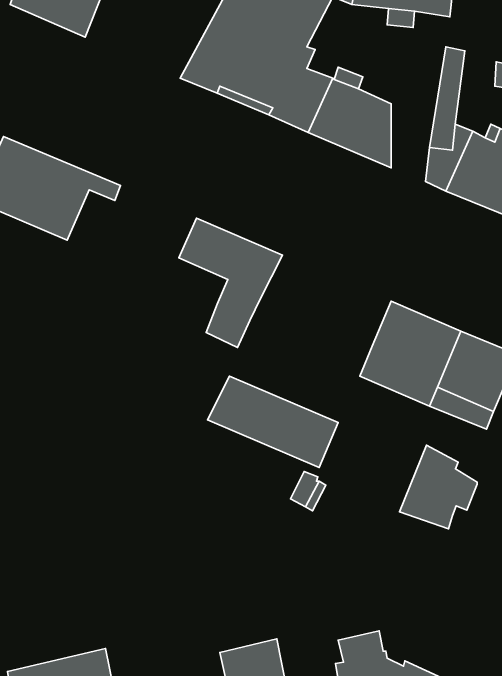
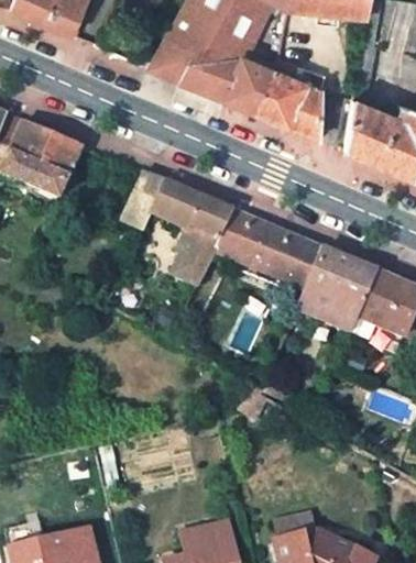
building: none -> [122,173,164,231]
building: [208,376,338,467] -> [216,211,321,285]
building: [400,445,477,529] -> none

